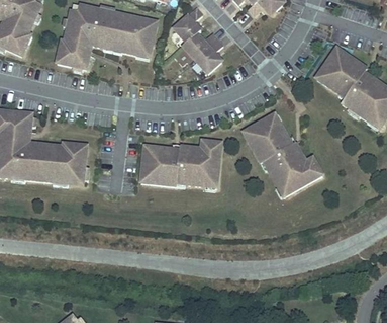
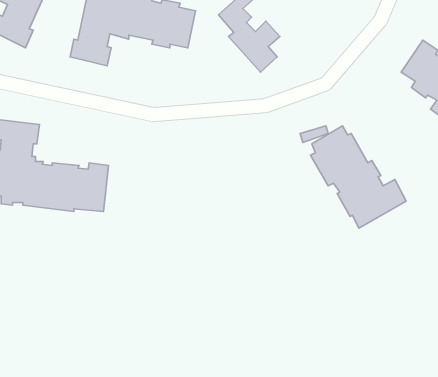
building: [140,141,221,186] -> none

